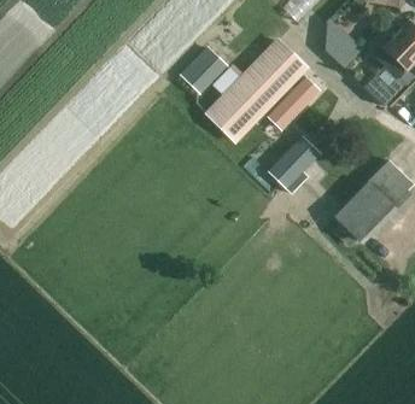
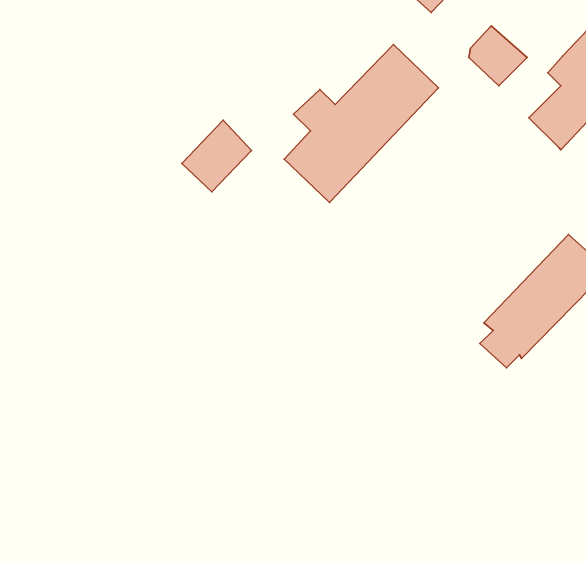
building: [181,46,226,92] -> [182,120,251,192]
building: [267,75,320,129] -> none
building: [268,135,320,188] -> none

